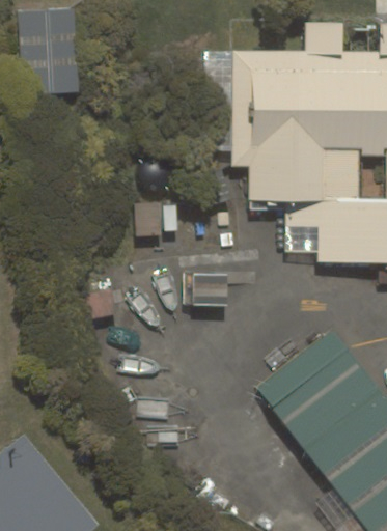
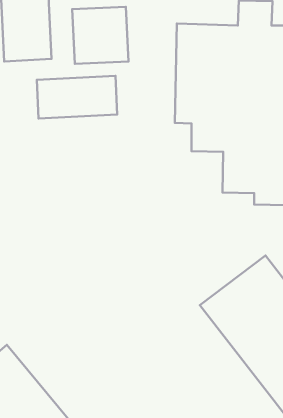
building: none -> [72,7,128,64]
building: none -> [37,76,117,118]

